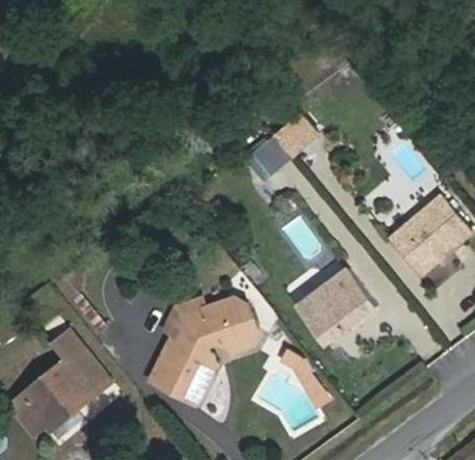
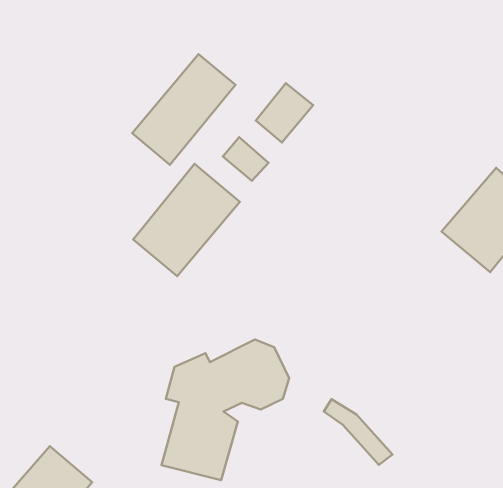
building: none -> [132,54,235,165]
building: none -> [133,164,240,276]
building: [289,269,372,350] -> none

